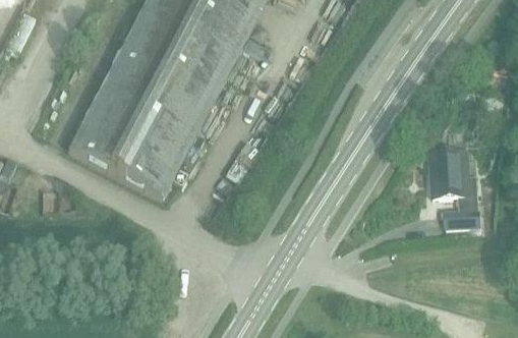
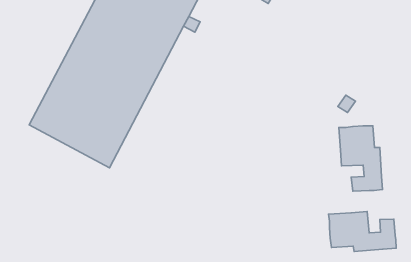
building: none -> [328,212,396,251]

